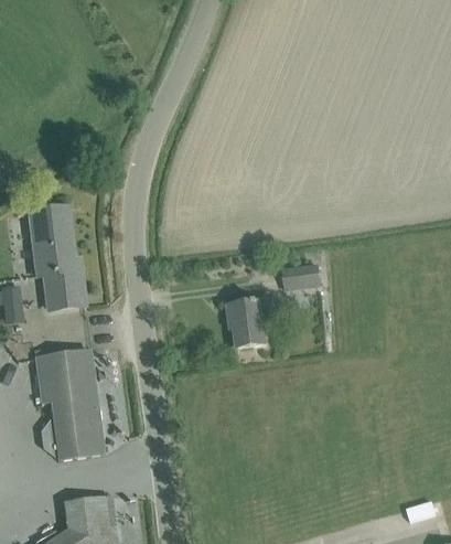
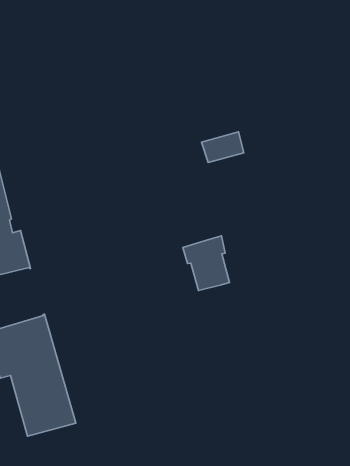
building: [282,265,320,289] -> [202,132,244,163]

